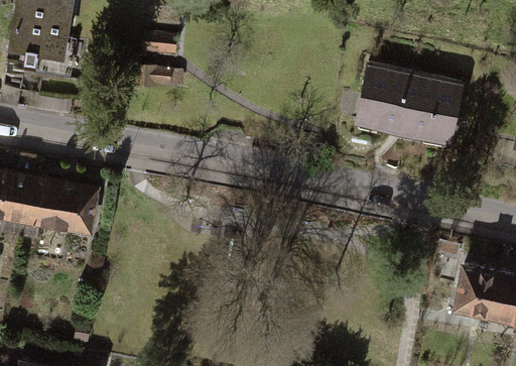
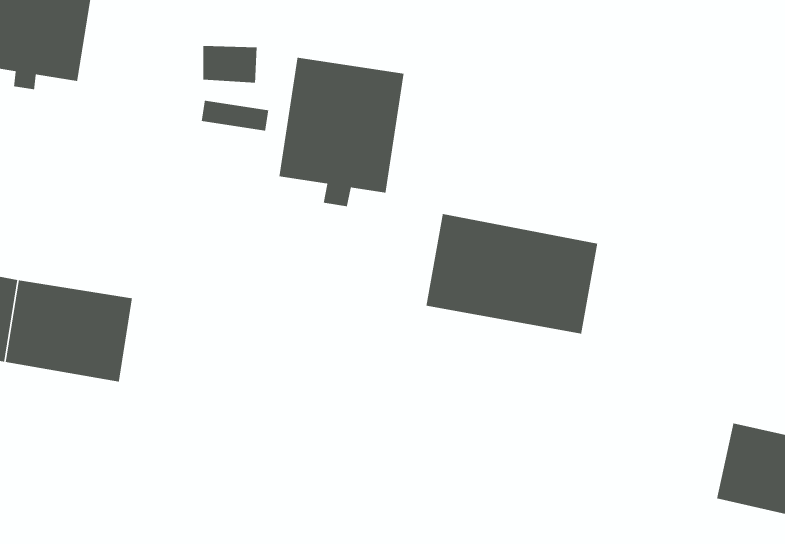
building: none -> [278,57,405,207]
building: [359,65,464,138] -> [425,213,598,335]

